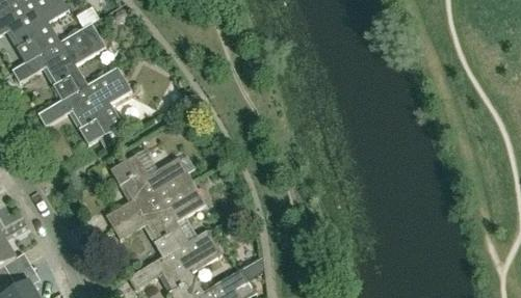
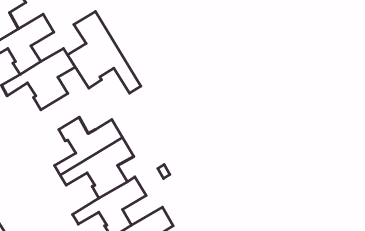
building: none -> [68,12,141,93]

